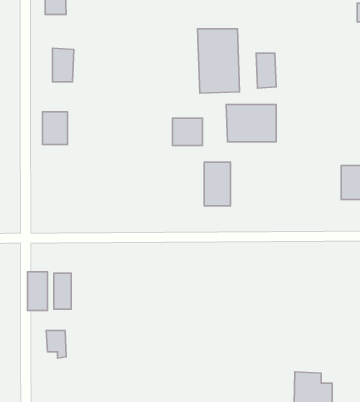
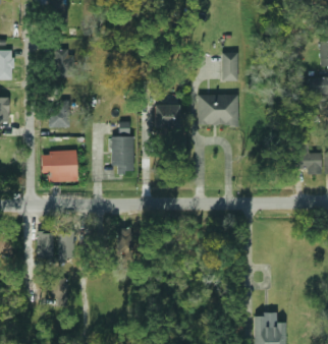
building: [198,29,240,93] -> none
building: [204,162,230,206] -> [111,135,132,171]
building: none -> [51,155,76,172]

